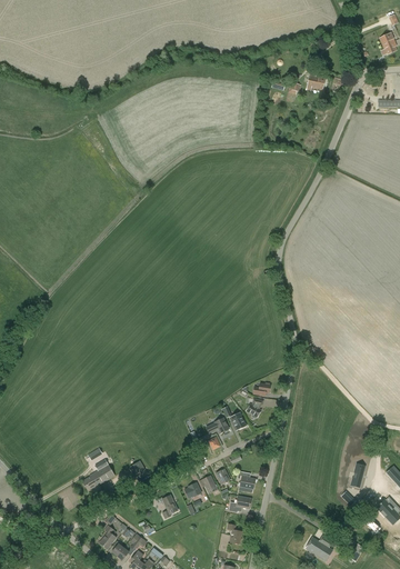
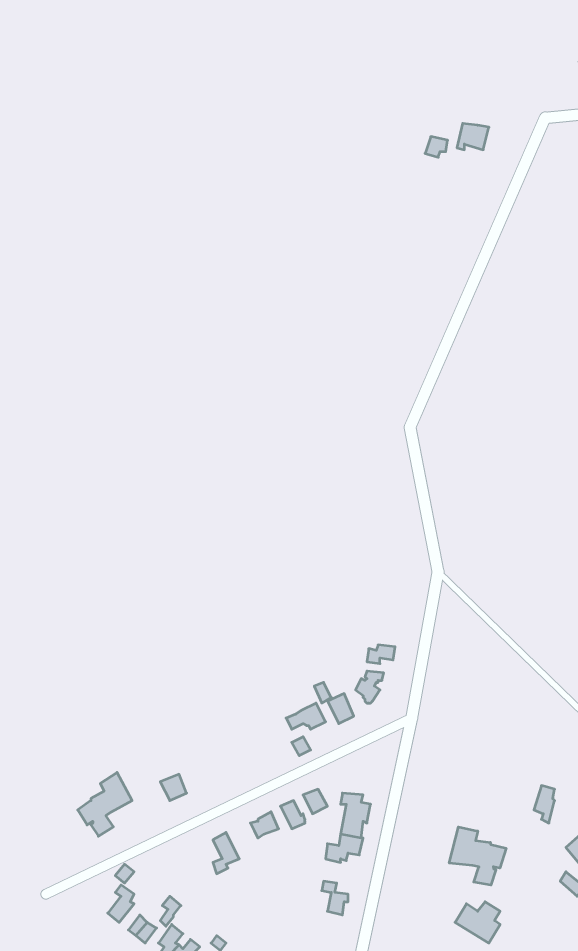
building: none -> [449,827,506,885]

